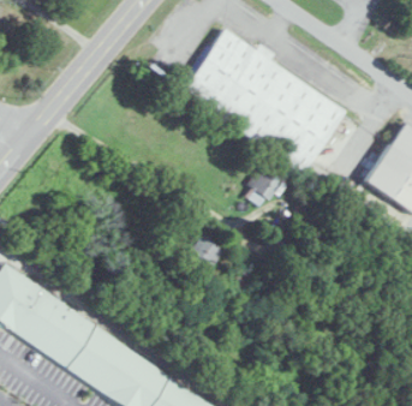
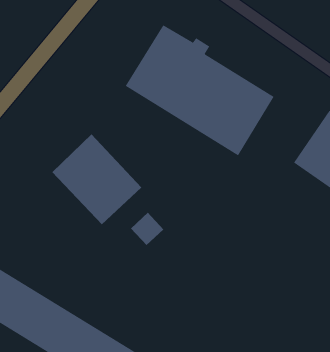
building: none -> [51,133,142,225]
building: [246,167,285,204] -> none

